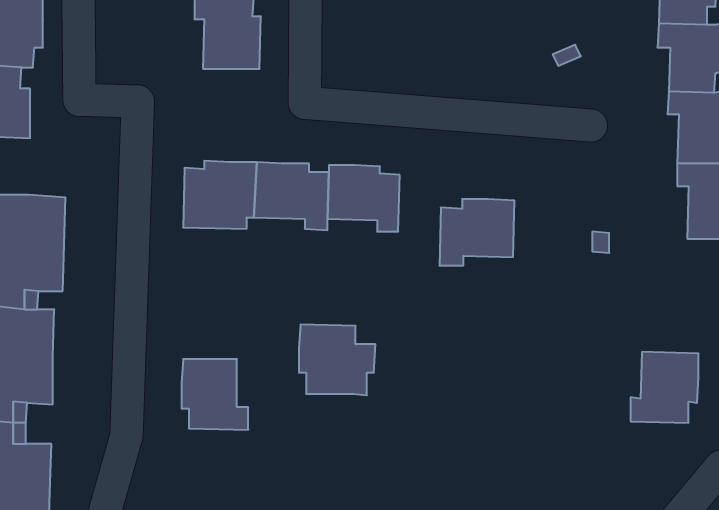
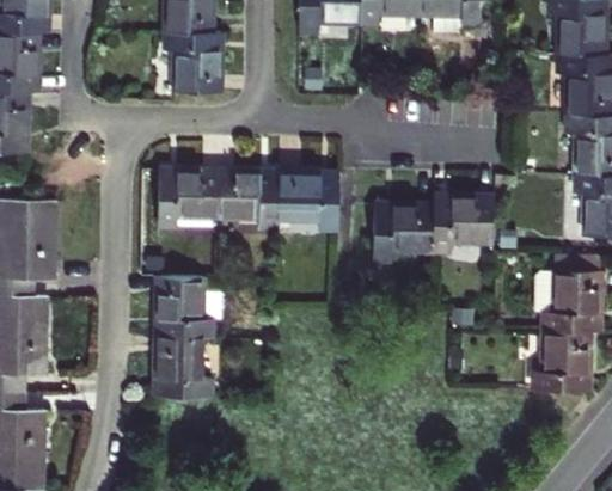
building: none -> [435,196,495,253]
building: none -> [536,254,602,333]
building: [299,324,375,395] -> [157,280,221,339]

